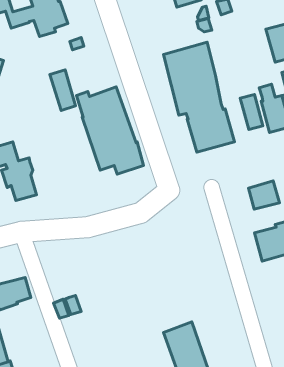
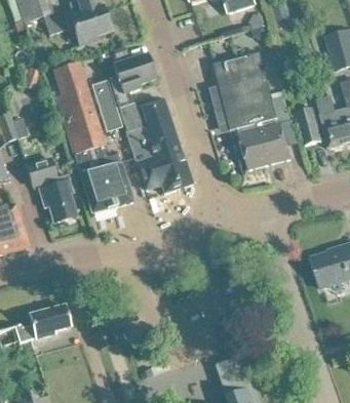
building: none -> [109,52,155,109]
building: none -> [53,63,131,211]
building: [248,181,279,209] -> none

